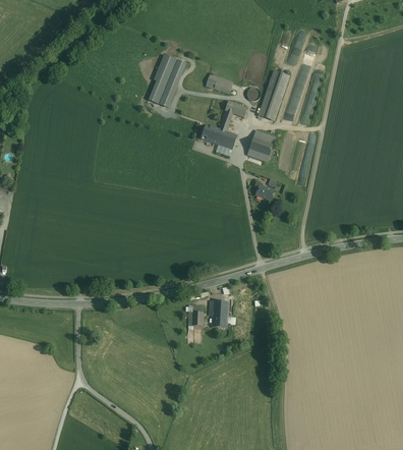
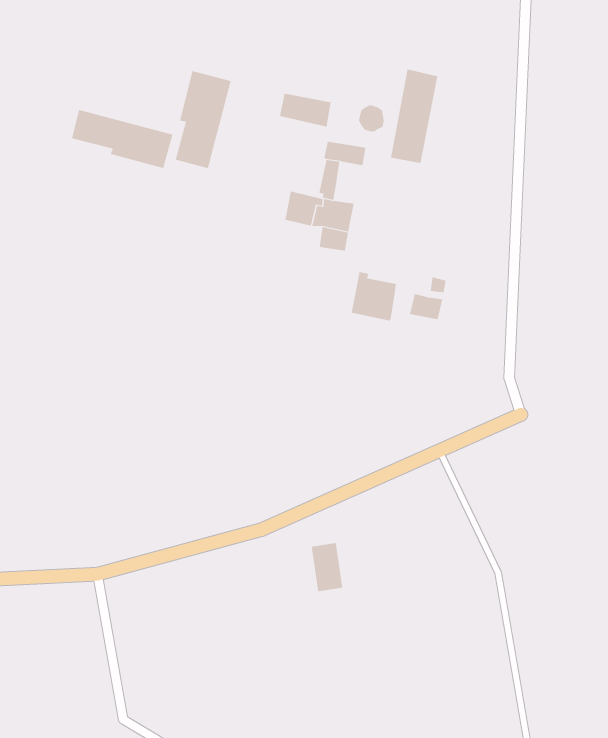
building: none -> [71,109,173,169]
building: [247,133,273,161] -> [351,271,397,321]
building: [209,300,229,327] -> none

